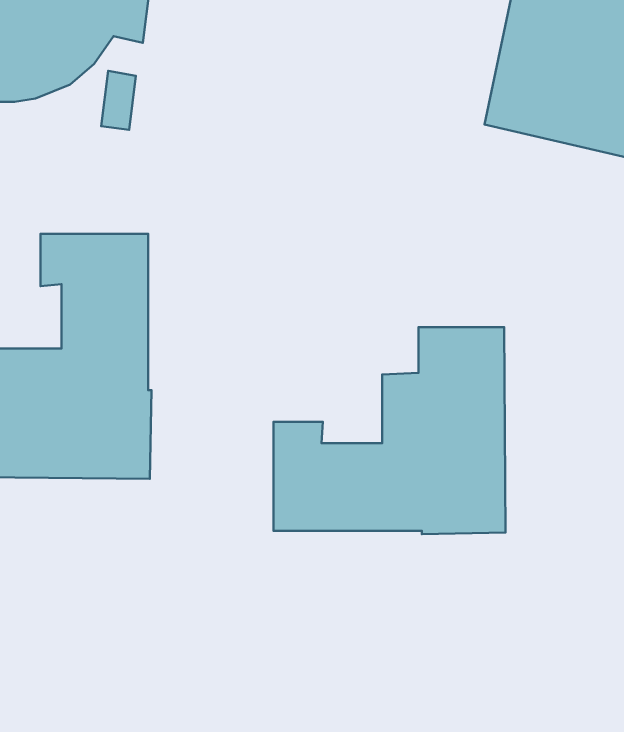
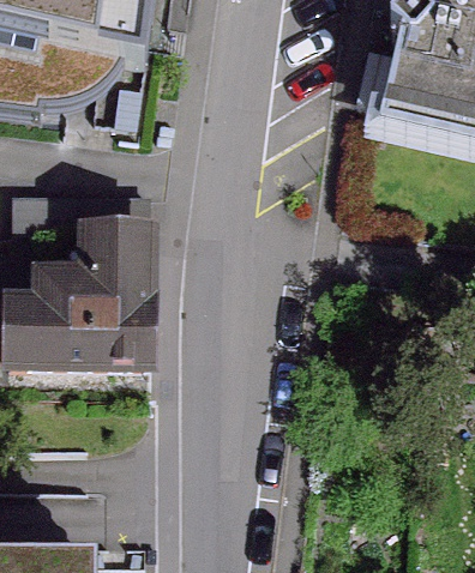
building: [274,327,506,534] -> none

